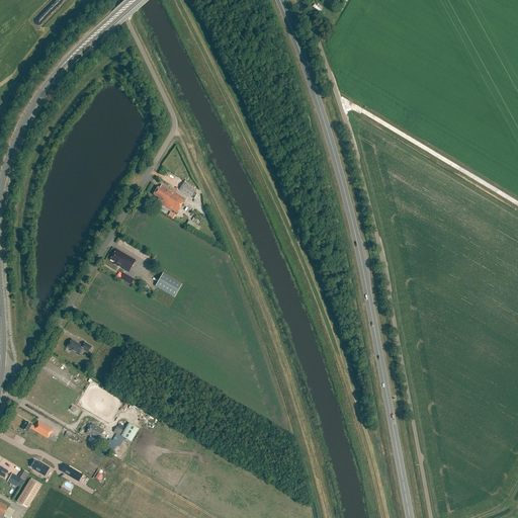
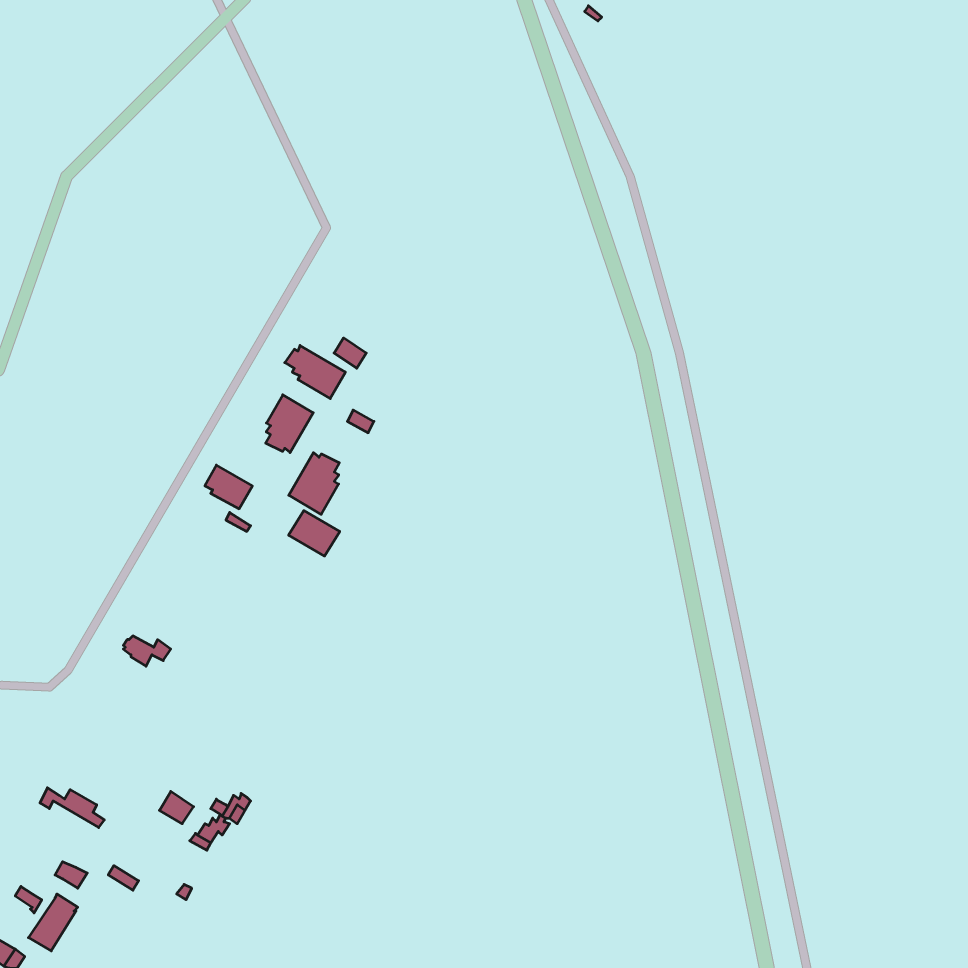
building: none -> [266,395,313,453]
building: none -> [289,453,339,514]

